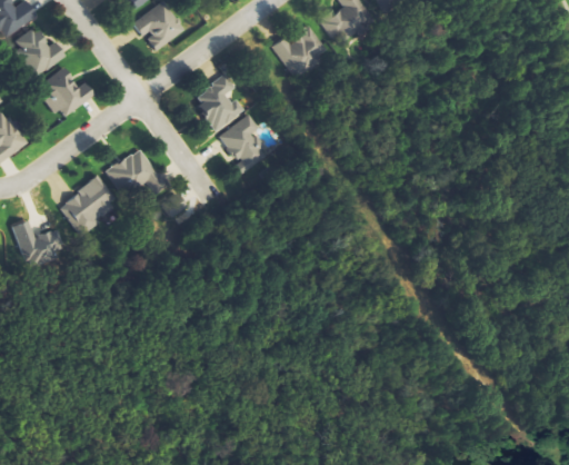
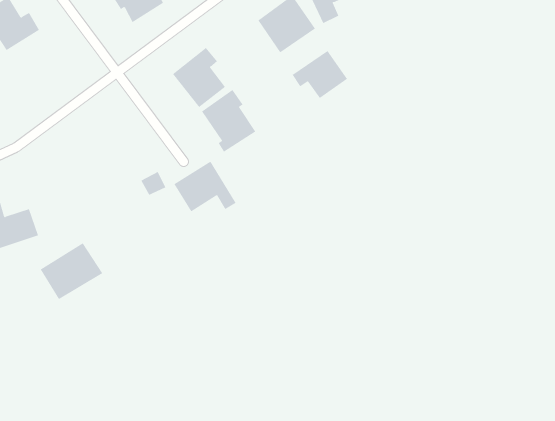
building: [39,67,92,117] -> none
building: none -> [292,50,348,99]
building: [104,147,164,196] -> [173,161,237,212]
building: [57,177,117,231] -> [40,243,103,300]

